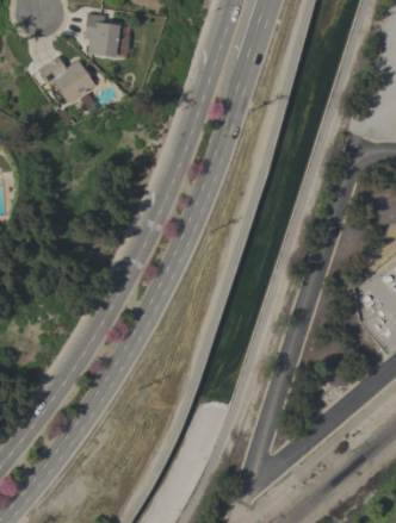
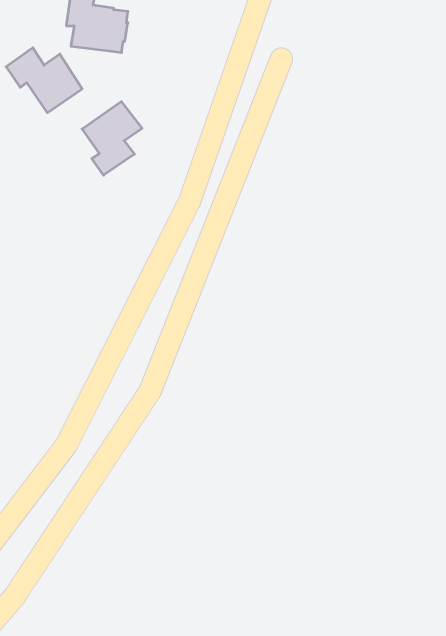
building: none -> [82,102,142,175]

